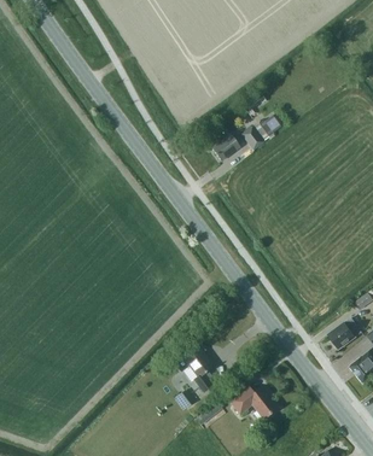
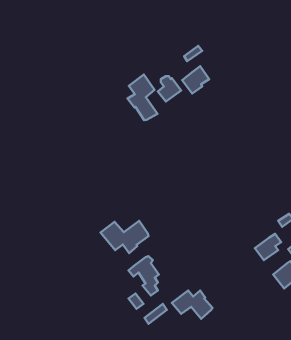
building: none -> [127,75,157,120]
building: none -> [100,221,148,253]

